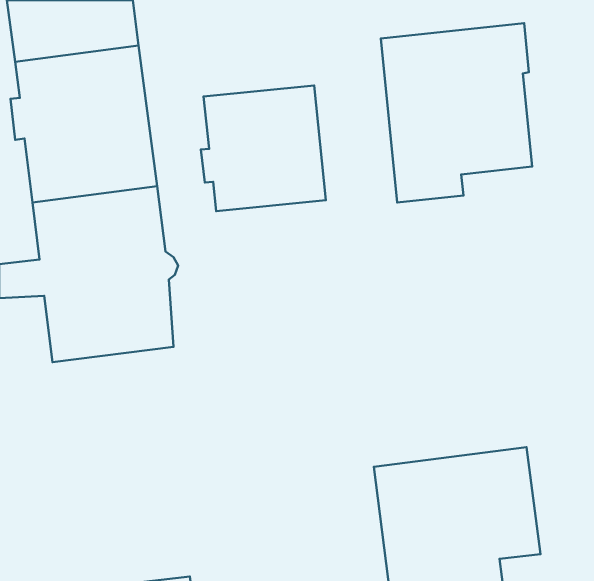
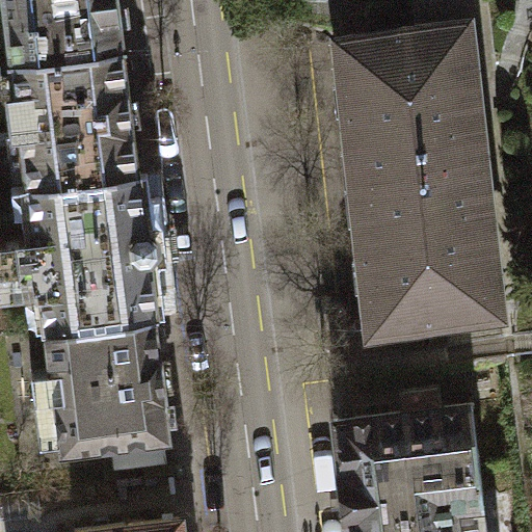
building: [201,85,326,211] -> none
building: none -> [354,161,497,332]
building: none -> [27,322,169,457]

